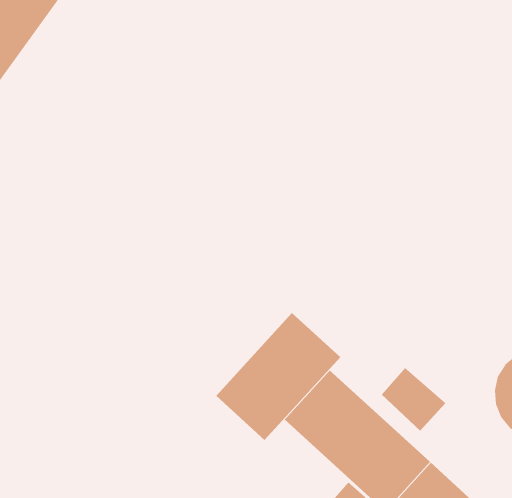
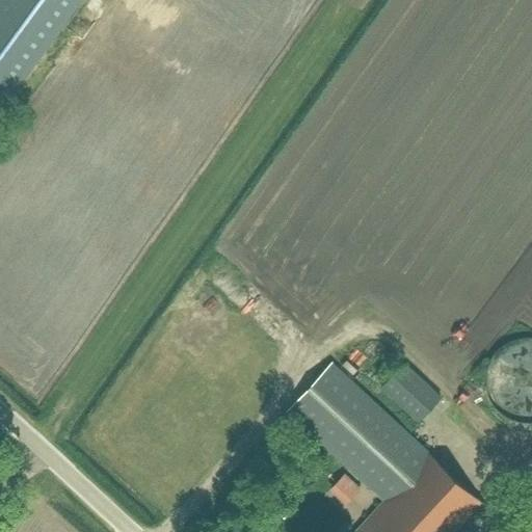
building: [215,312,341,441] -> none

